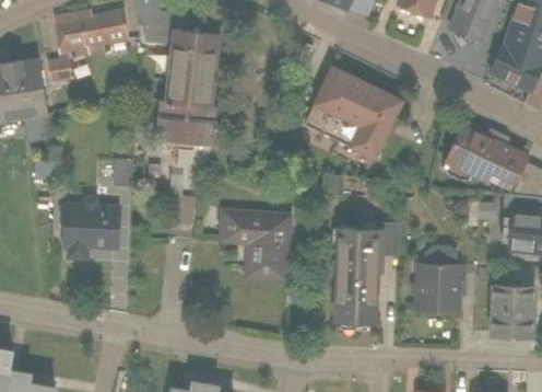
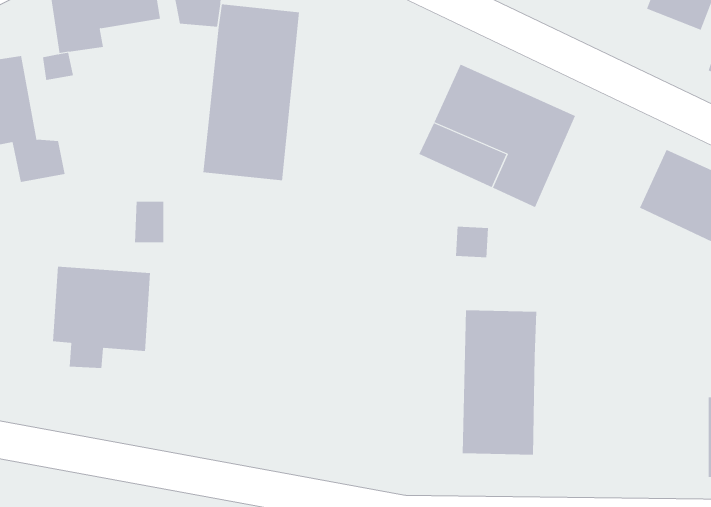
building: [221,207,294,283] -> none
building: [376,222,398,257] -> none
building: [415,262,462,313] -> none

